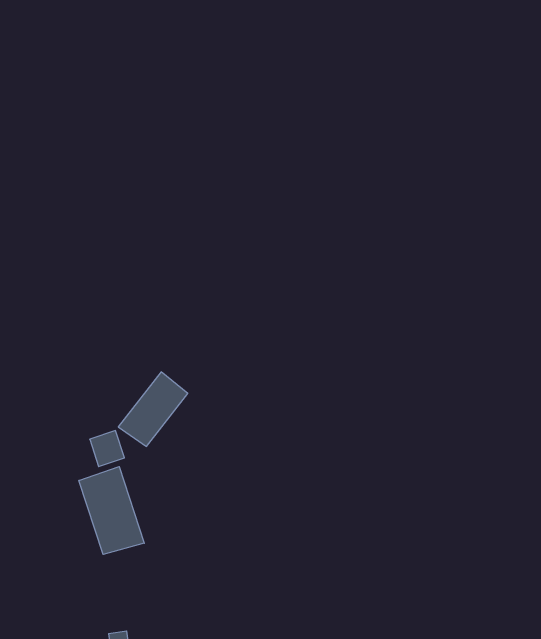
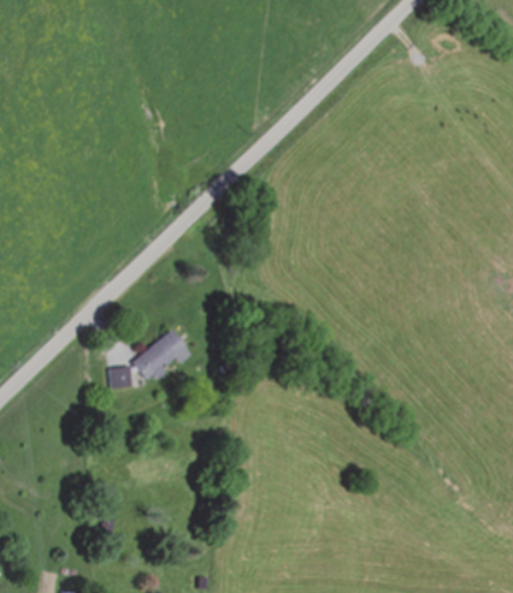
building: [79,467,144,554] -> none

